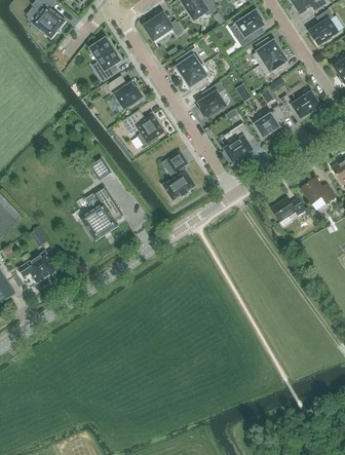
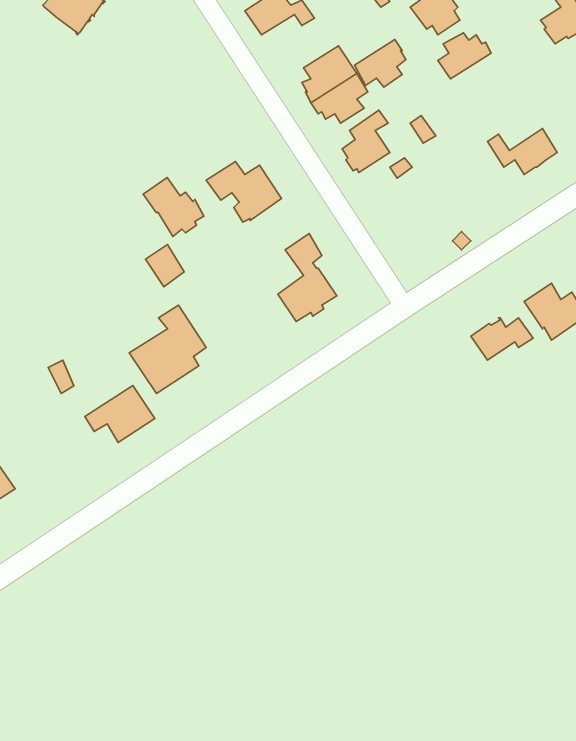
building: [89,37,120,81] -> none
building: [259,49,288,76] -> [354,39,406,87]
building: [107,75,141,108] -> [143,178,204,236]
building: [253,105,285,138] -> none
building: [224,123,252,161] -> none
building: [17,251,56,282] -> [85,385,155,442]

